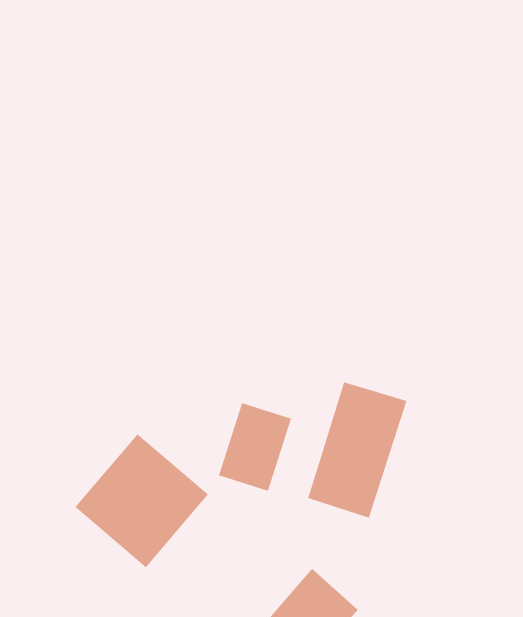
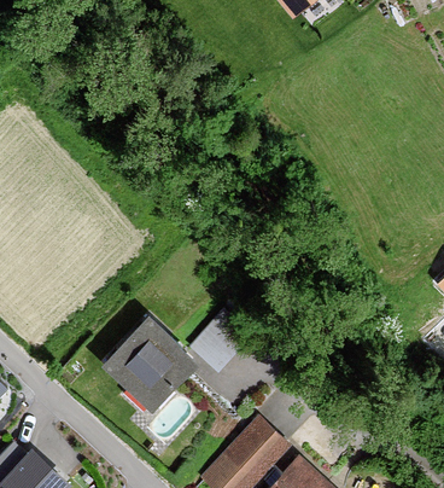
building: [308,381,407,518] -> none

